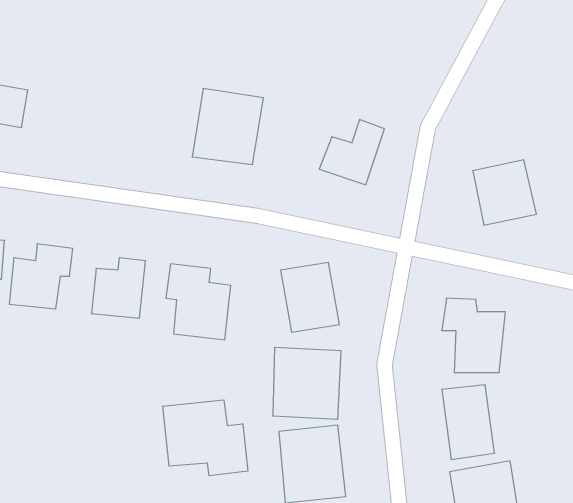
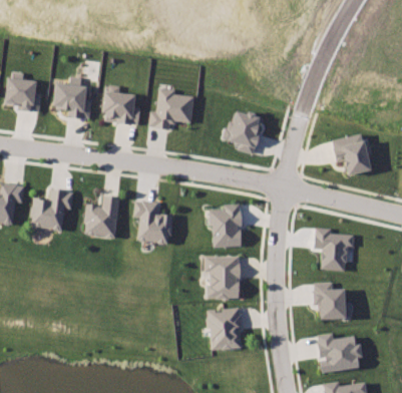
building: none -> [52,83,93,118]
building: none -> [99,93,140,128]
building: [163,400,248,476] -> none

